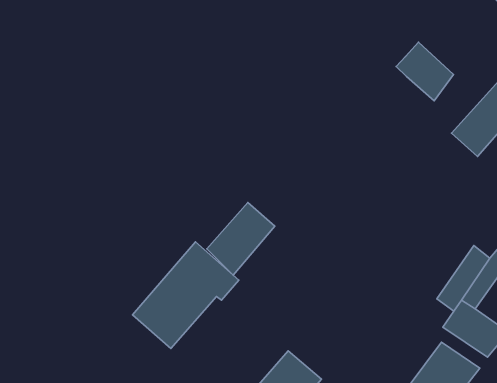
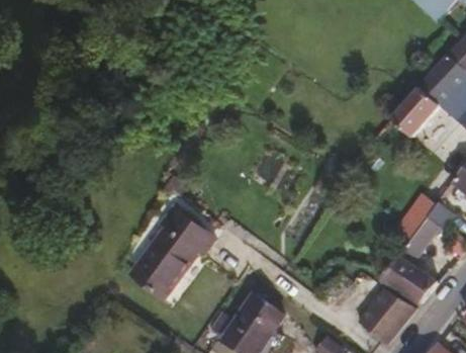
building: [396,42,454,101] -> none
building: [207,202,275,275] -> none

